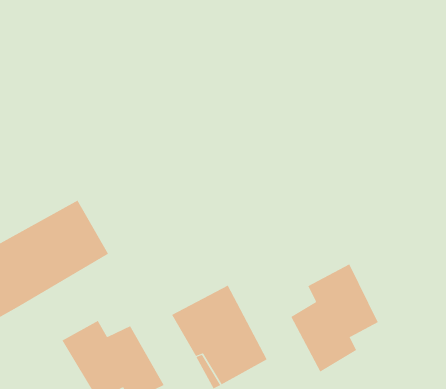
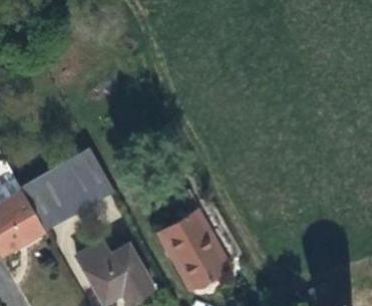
building: [291,263,378,373] -> none

